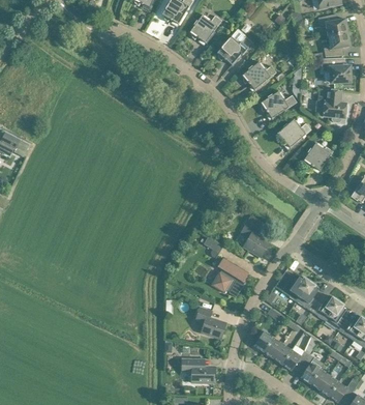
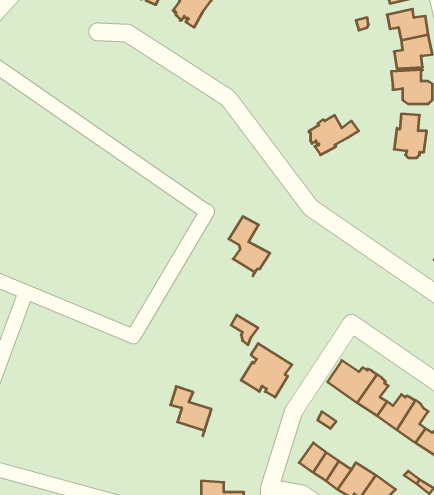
building: [189,13,221,45] -> none
building: [216,28,251,64] -> none
building: [242,60,276,91] -> none
building: [277,118,311,149] -> none
building: [303,141,333,173] -> none
building: [240,214,270,258] -> [229,216,270,276]
building: [195,306,225,342] -> [170,386,211,436]

